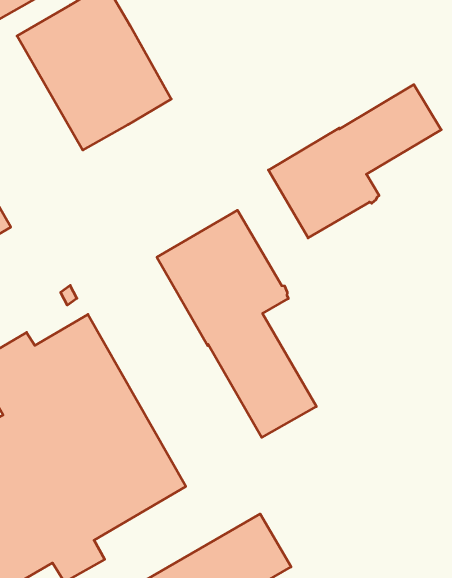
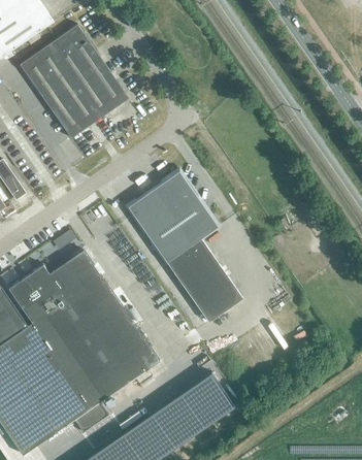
building: [268,85,441,238] -> none

